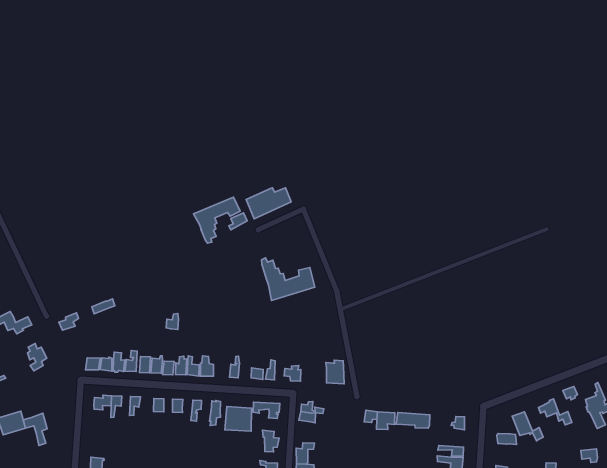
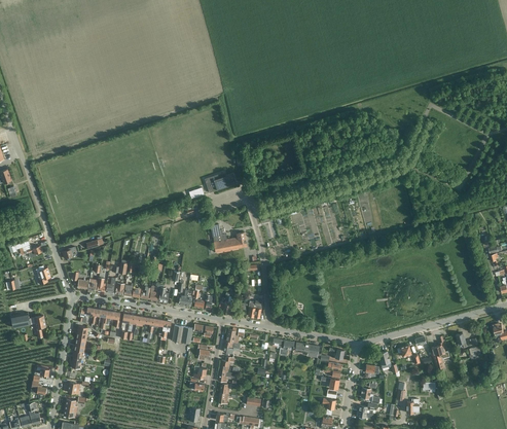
building: [193,197,240,243] -> none

